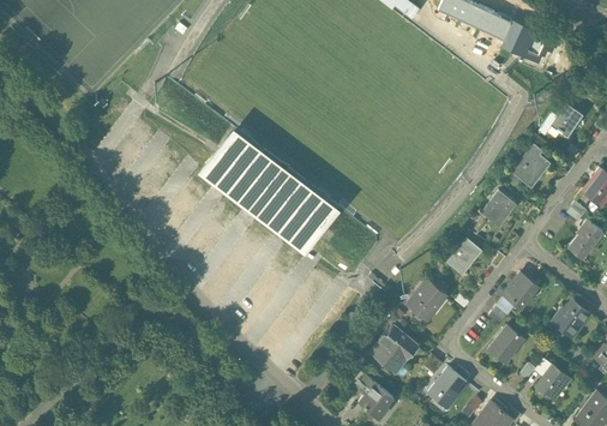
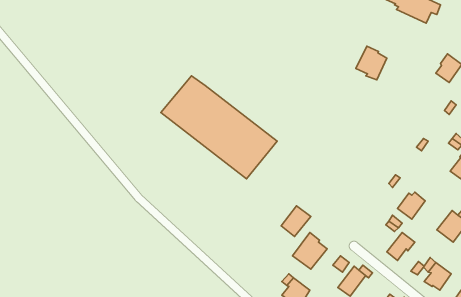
building: none -> [356,46,387,80]
building: [511,144,549,187] -> none
building: [480,190,512,223] -> none
building: [446,238,481,275] -> none
building: [408,281,445,319] -> [281,206,311,237]

